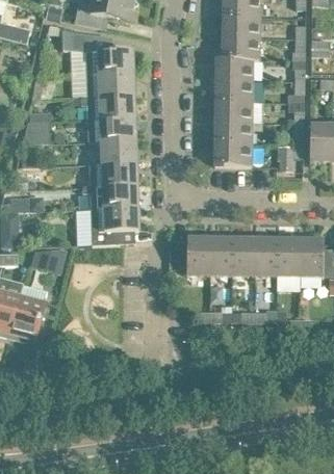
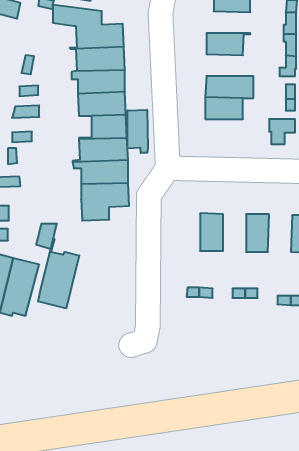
building: [215,36,259,58] -> none
building: [215,79,252,101] -> none
building: none -> [127,110,148,153]
building: [214,143,252,165] -> none
building: [186,237,209,274] -> none
building: [232,238,255,275] -> none
building: [277,238,301,275] -> none
building: none -> [38,238,79,308]

